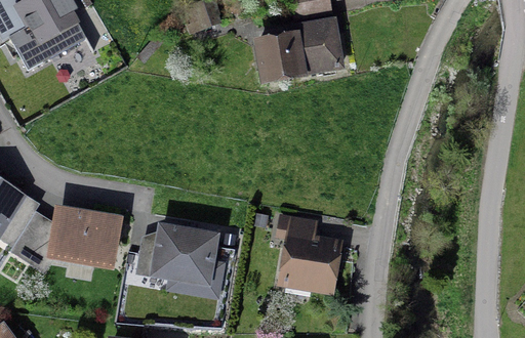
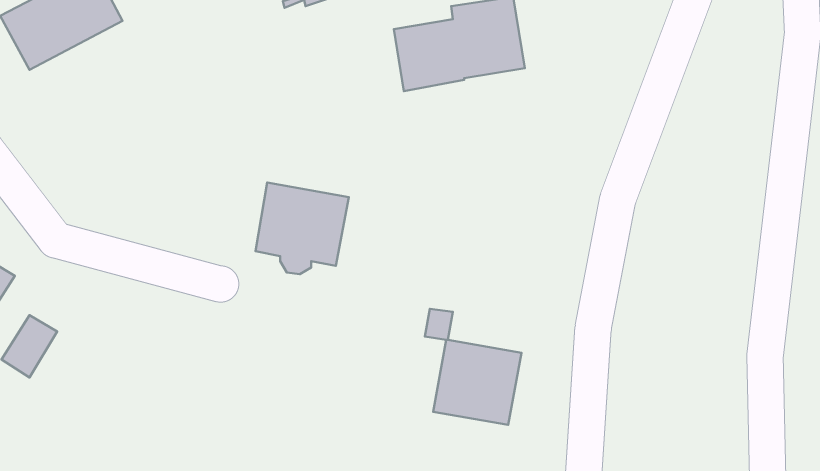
building: [50,211,116,262] -> none
building: [154,228,212,286] -> [256,183,349,274]

